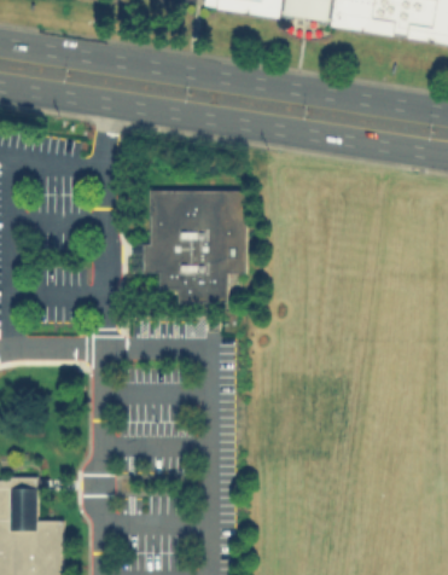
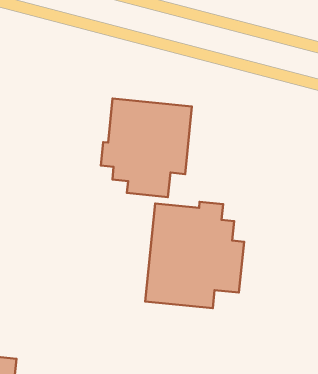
building: none -> [145,202,244,308]

